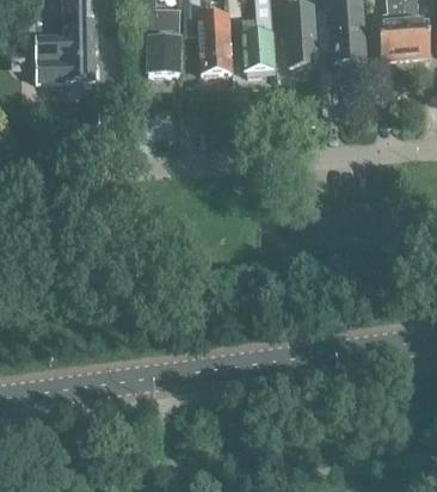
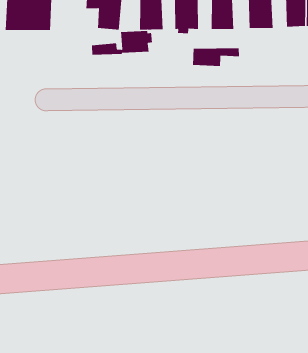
building: none -> [91,30,153,55]
building: none -> [192,47,240,67]

